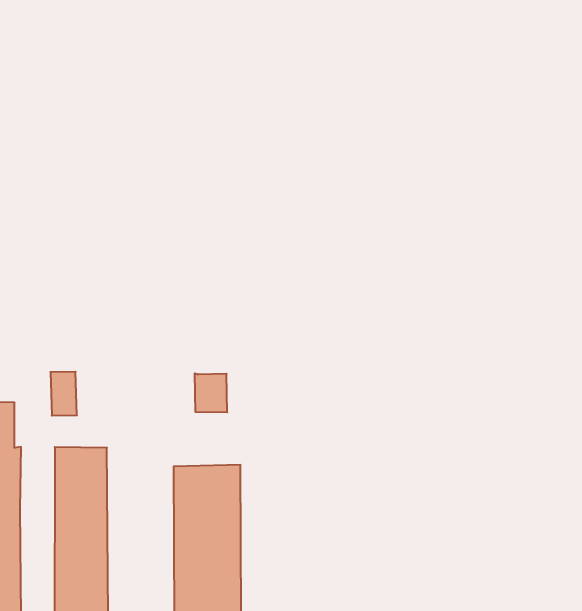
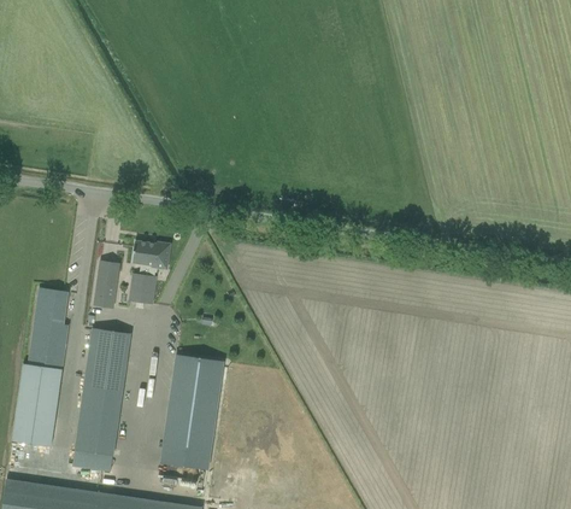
building: none -> [131,240,171,269]
building: [195,373,227,412] -> [129,273,155,304]

